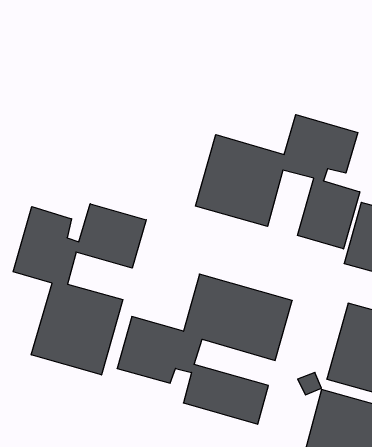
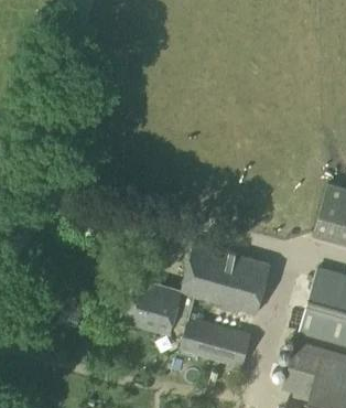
building: [195,115,360,249] -> none
building: [13,204,146,375] -> none

